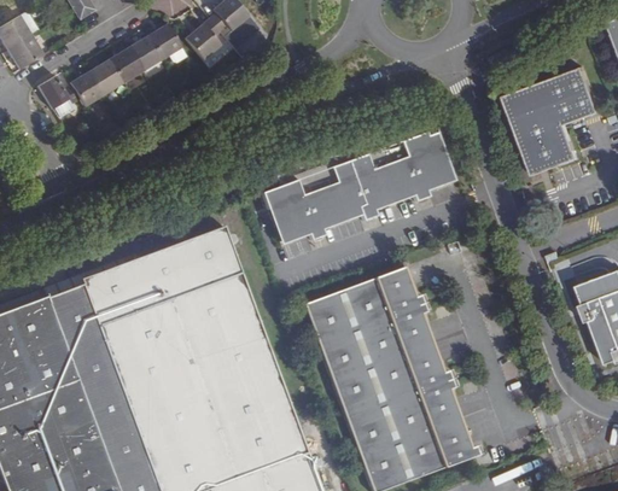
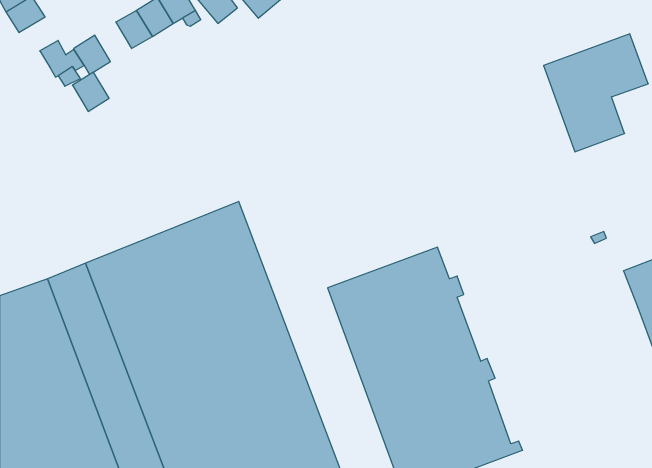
building: [88,59,122,95] -> [72,72,109,111]
building: [266,128,454,242] -> none

